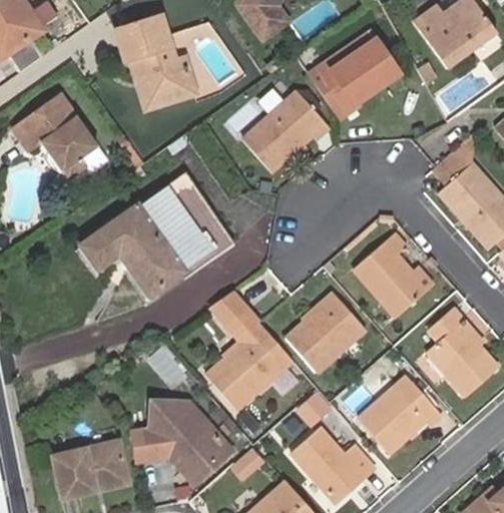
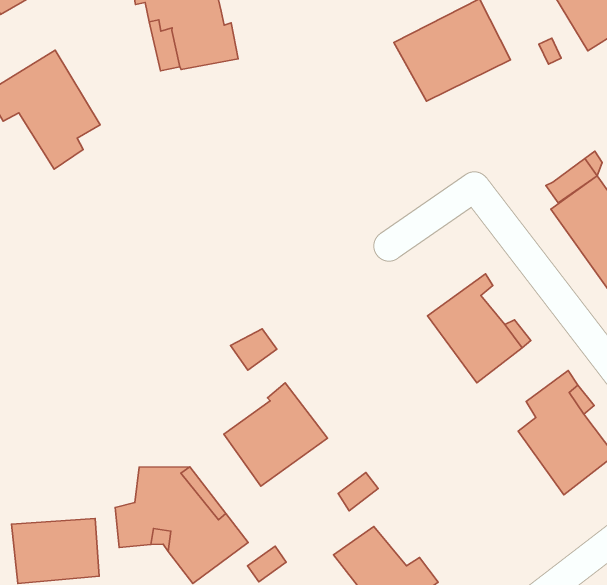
building: [248,97,328,174] -> none
building: [84,171,221,296] -> none
building: [281,299,353,373] -> none
building: [223,306,293,368] -> none
building: [360,380,435,451] -> none

